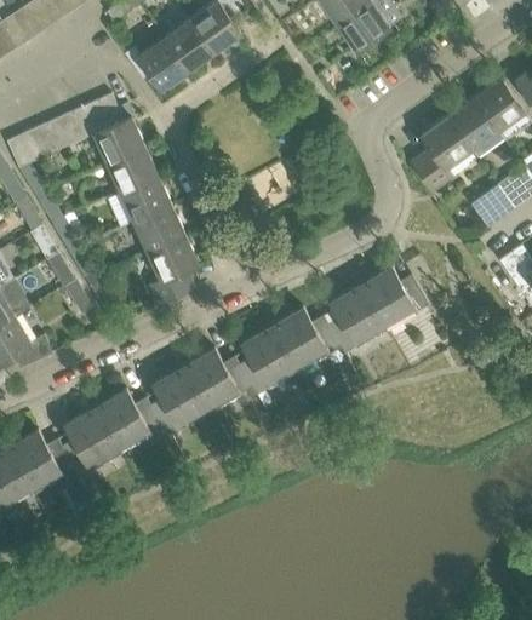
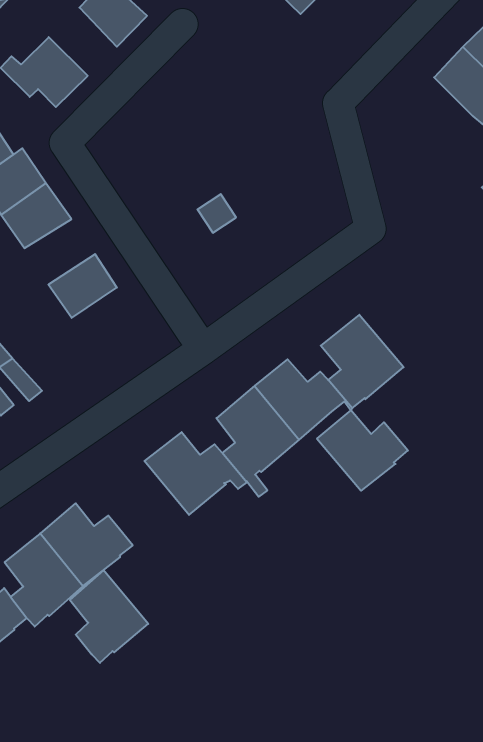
building: [164,18,213,70] -> none
building: [411,115,471,190] -> none
building: [119,176,171,222] -> none
building: [145,232,198,304] -> none
building: [361,266,428,328] -> [317,410,408,491]
building: [153,366,208,435] -> [70,570,148,663]

